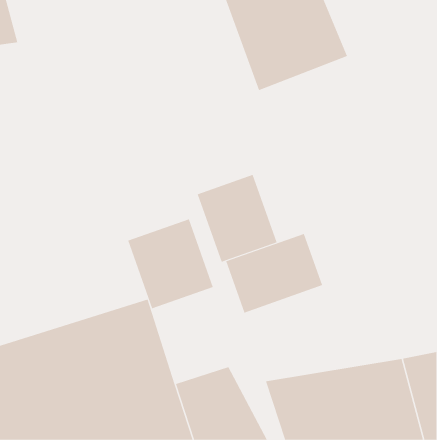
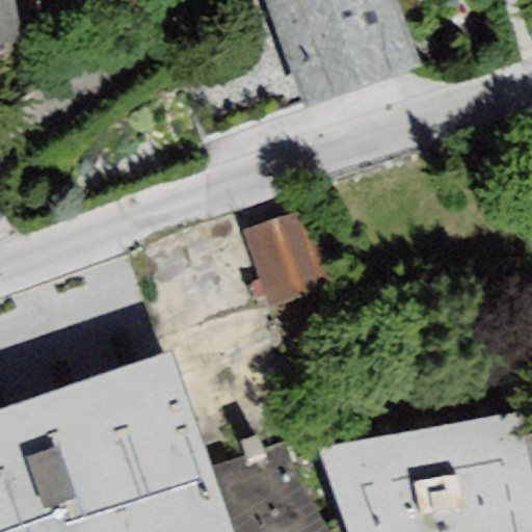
building: [127,218,214,309] -> none
building: [226,233,323,313] -> none

